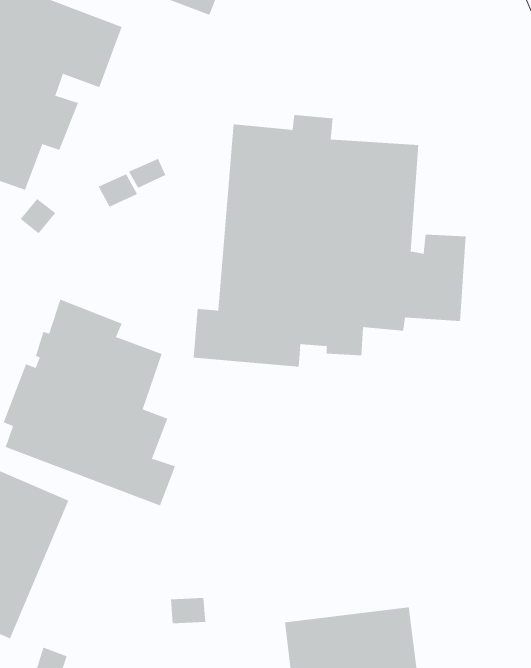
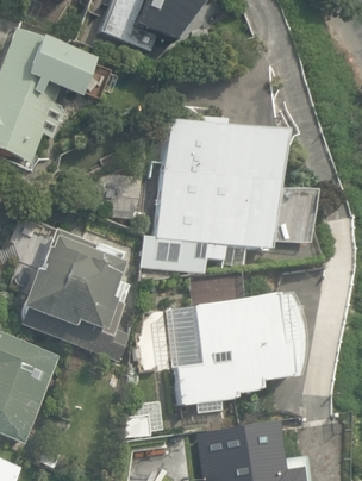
building: none -> [176,293,301,405]

